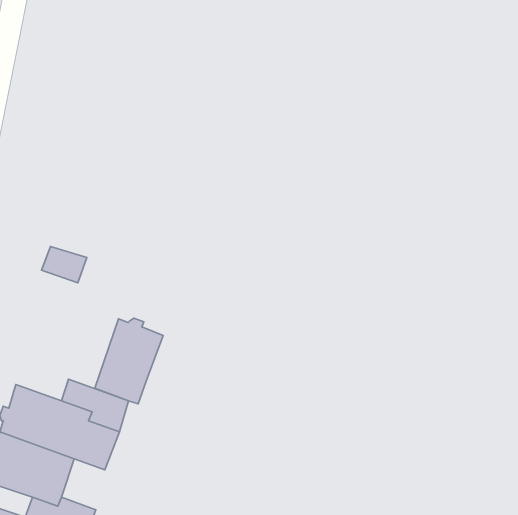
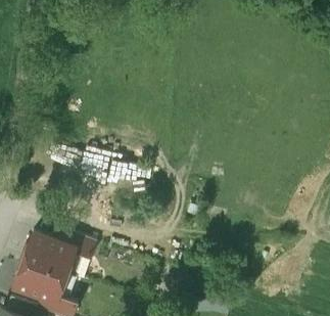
building: [95,318,163,404] -> none

